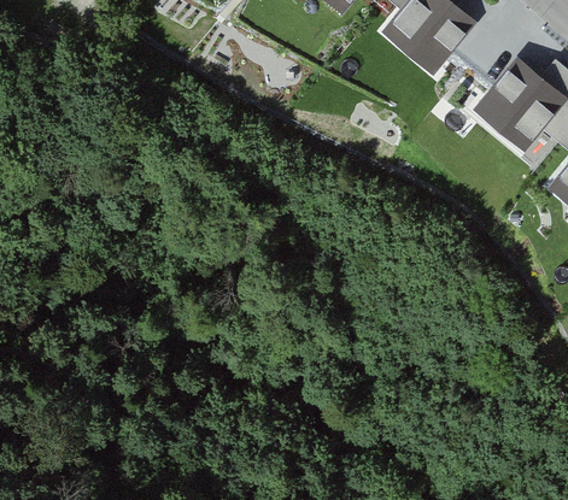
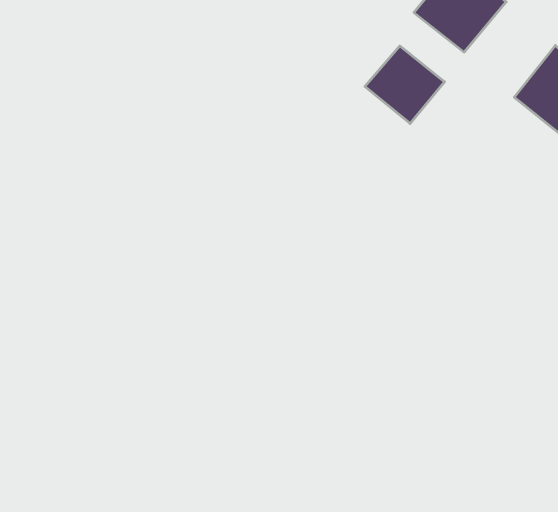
building: none -> [365,46,445,124]

